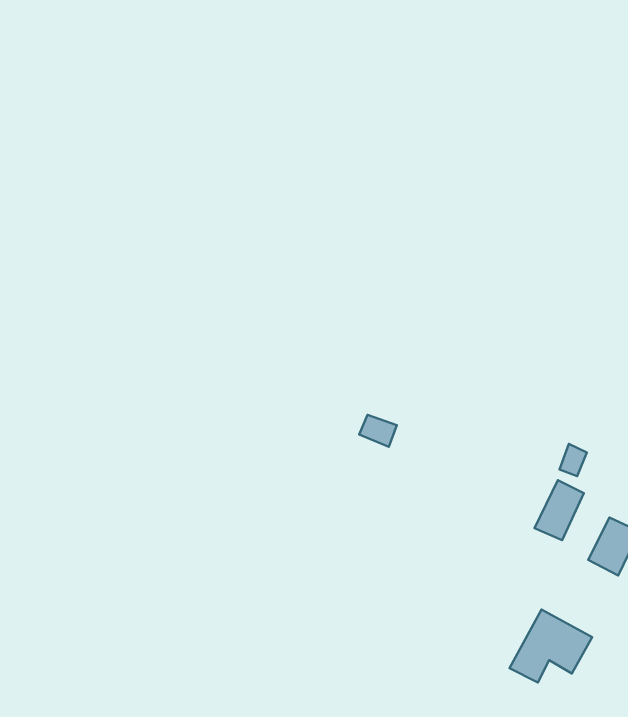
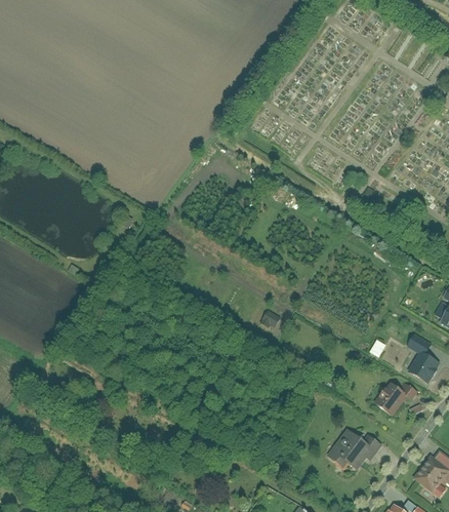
building: [534,480,584,540] -> none

